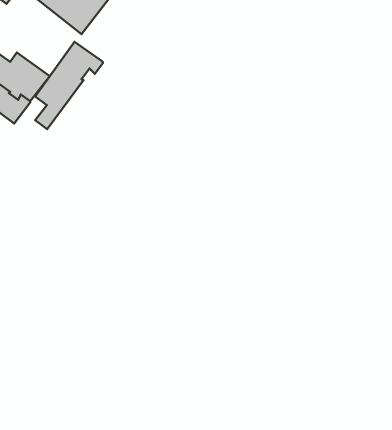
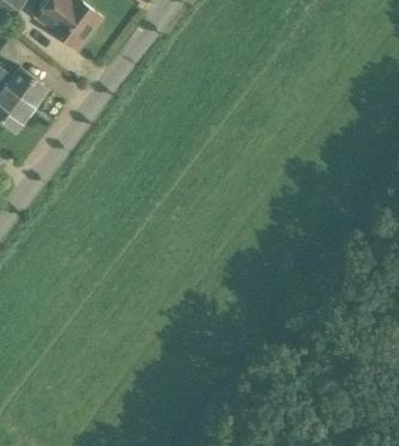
building: [35,42,103,129] -> none

